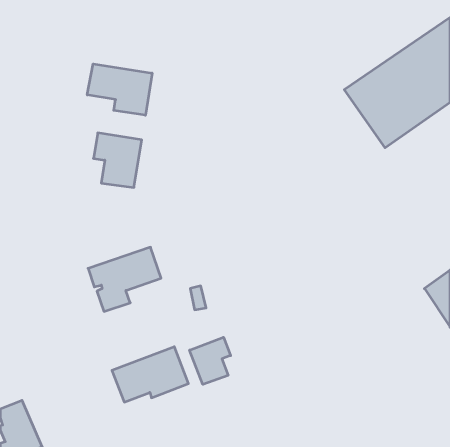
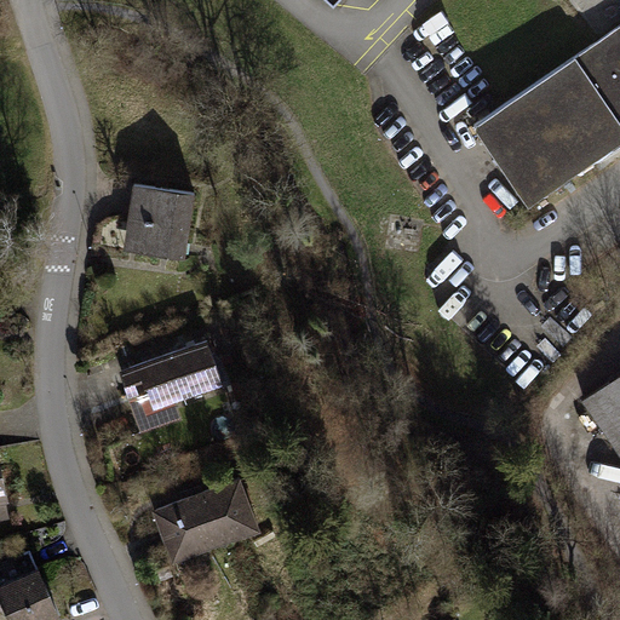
building: [87,64,152,115] -> none
building: [190,337,231,384] -> none

